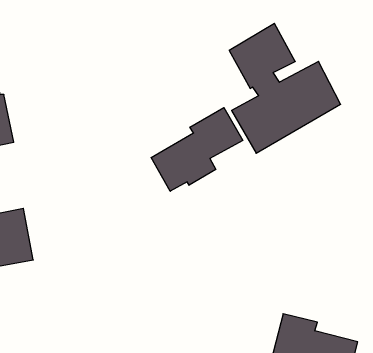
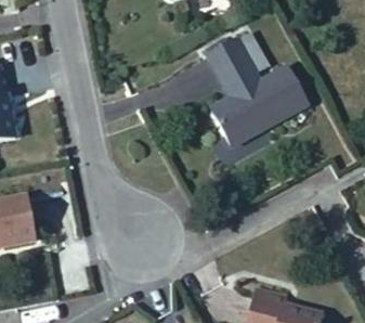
building: [151,108,243,191] -> none

